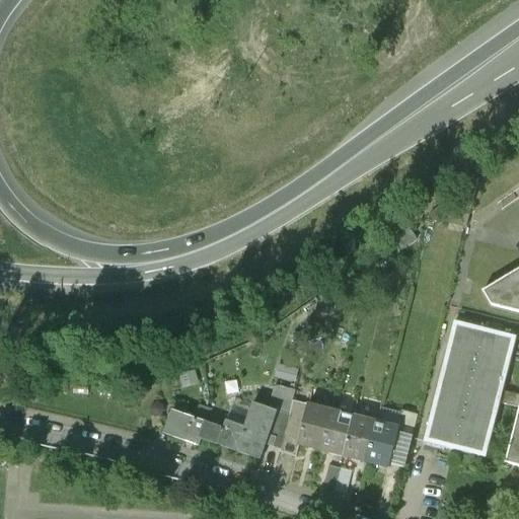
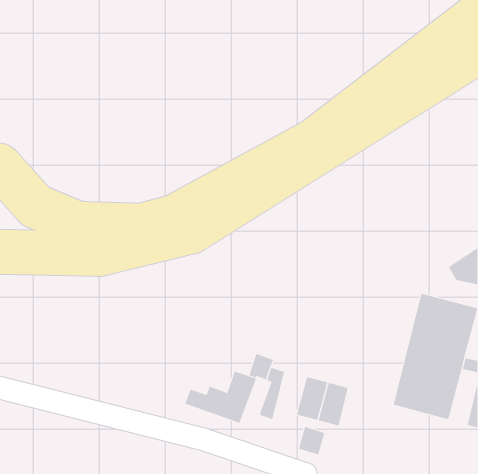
building: [298,402,331,449] -> none
building: [266,407,293,447] -> none
building: [165,409,206,444] -> none
building: [367,420,400,467] -> none

